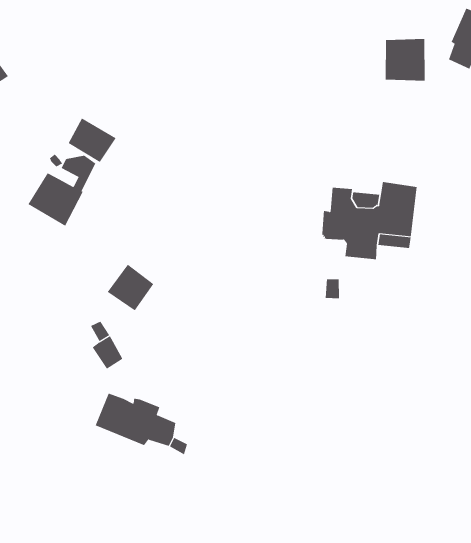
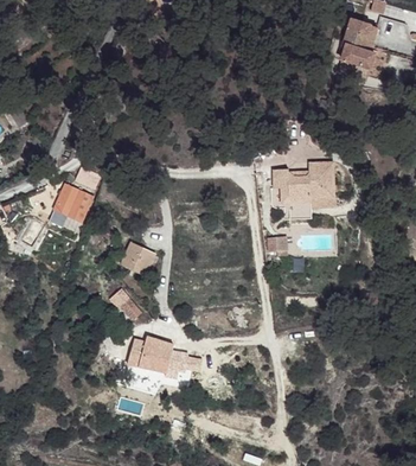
building: [385,38,425,82] -> none
building: [68,118,116,163] -> none

